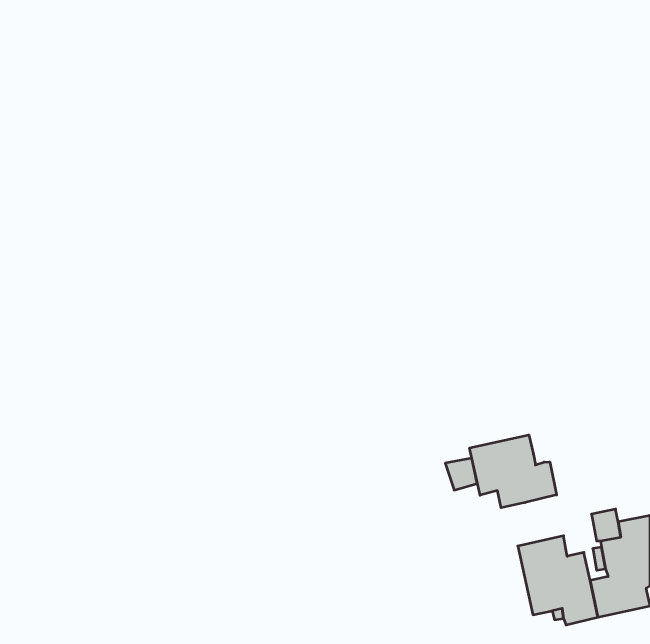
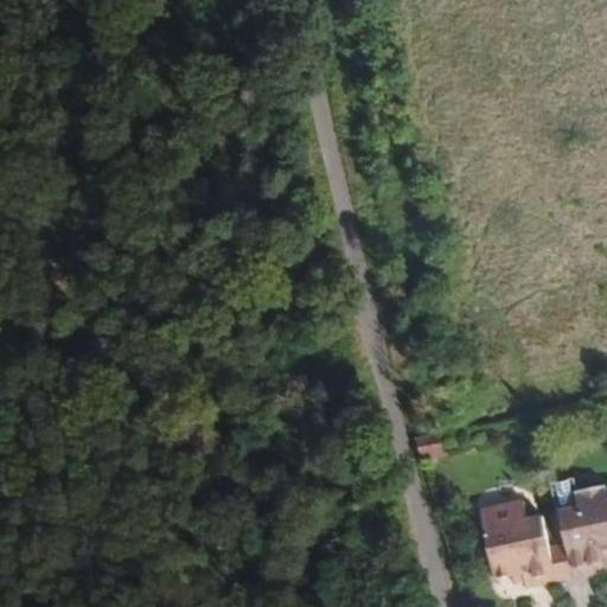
building: [470,435,557,508] -> none

